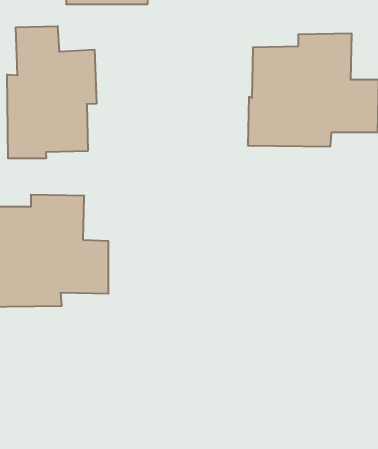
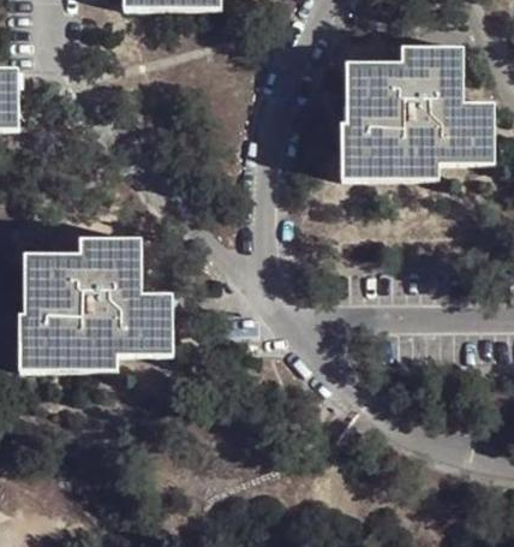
building: [7,26,96,158] -> none

